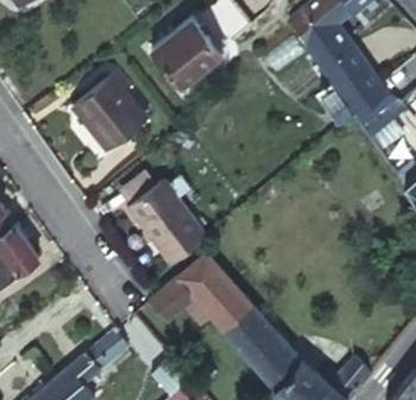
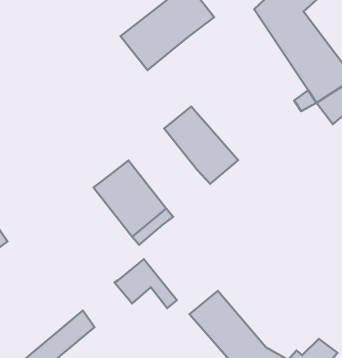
building: [75,75,151,149] -> none
building: [177,255,252,333] -> [164,106,238,184]

